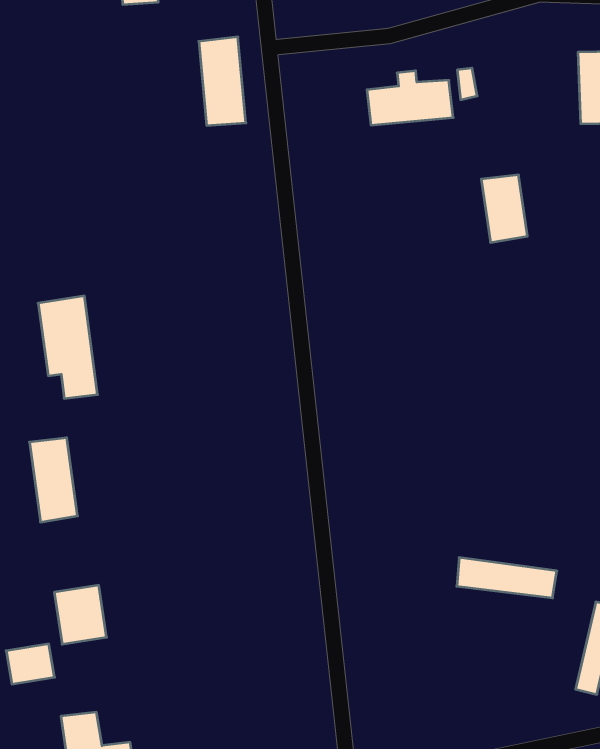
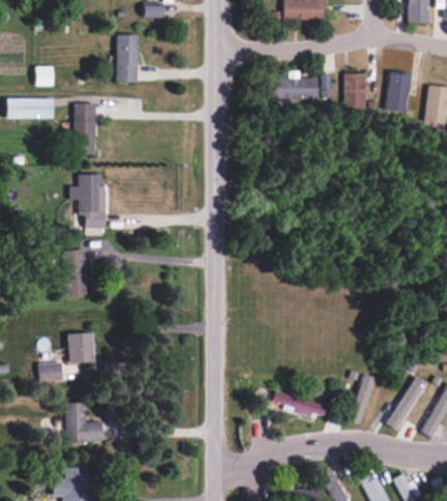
building: [199,37,246,125] -> [116,34,139,82]
building: none -> [74,102,95,153]
building: [481,175,527,242] -> [344,72,365,108]
building: [457,558,557,598] -> [271,390,327,418]

